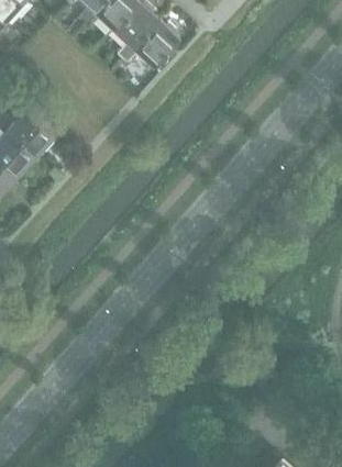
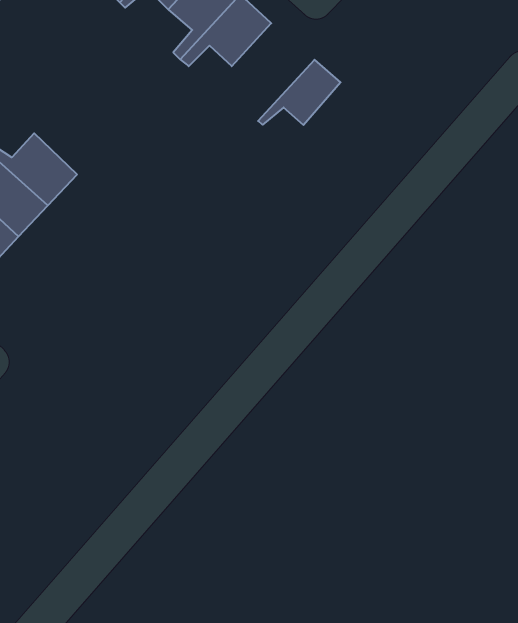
building: none -> [258,60,341,125]

